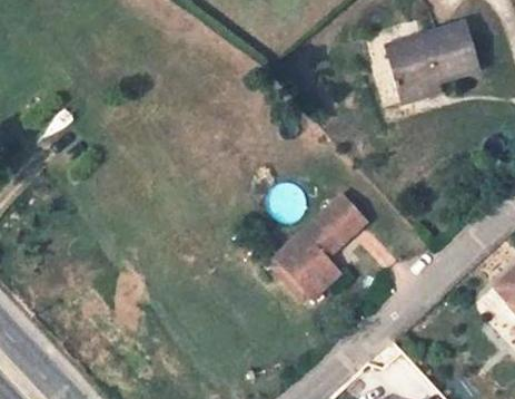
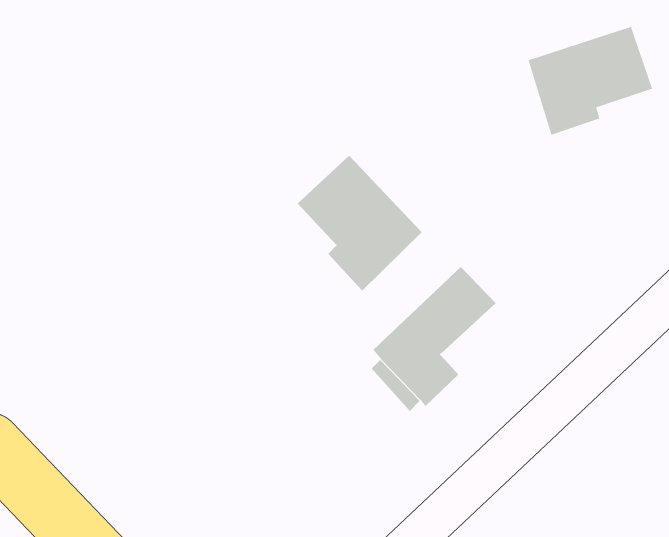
building: none -> [297,155,423,291]

